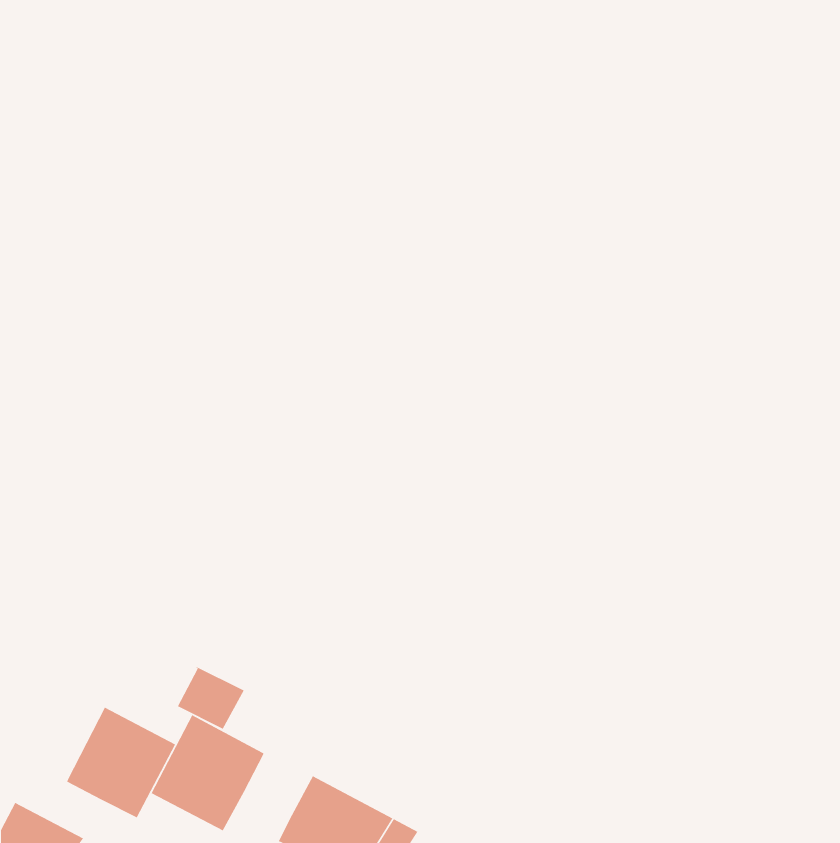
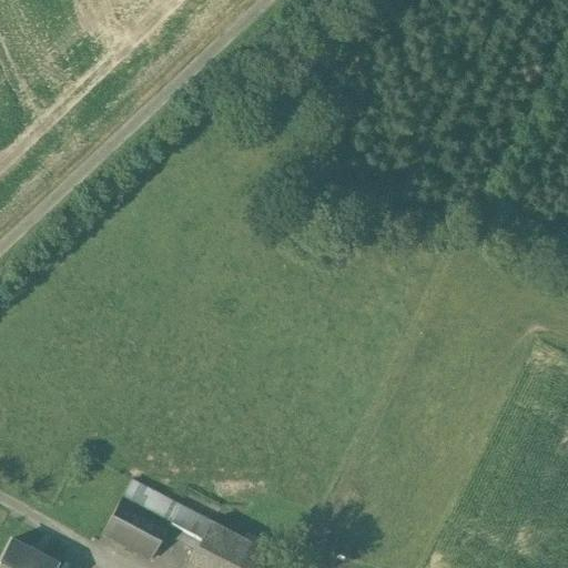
building: [177,665,245,730] -> [168,505,213,548]
building: [66,707,176,819] -> none

